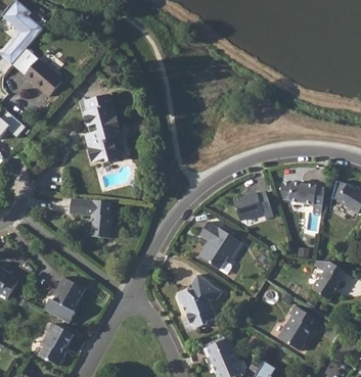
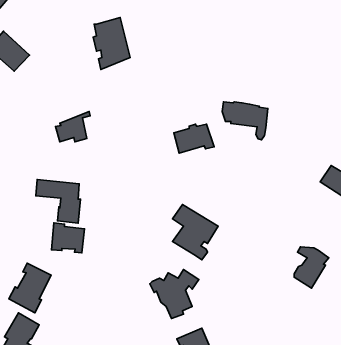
building: [85,95,120,144] -> [93,17,130,70]
building: [281,180,324,216] -> [222,102,268,140]
building: [235,192,273,220] -> [174,124,214,153]
building: none -> [51,223,85,253]
building: [278,303,317,348] -> none

